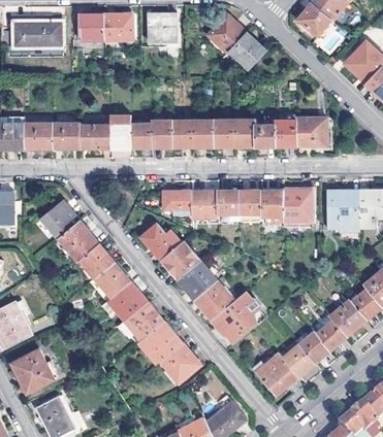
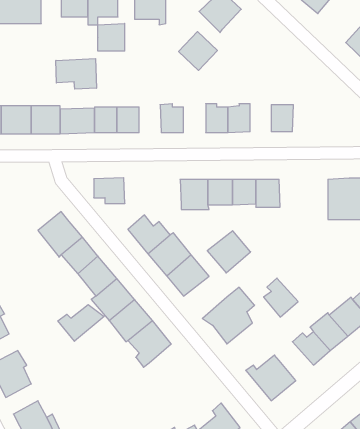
building: [229,33,265,69] -> [179,32,217,70]
building: none -> [98,23,125,51]
building: none -> [56,59,96,89]
building: [294,117,326,146] -> none
building: [193,121,214,147] -> none
building: [151,122,172,147] -> none
building: [255,126,275,146] -> none
building: [282,190,311,221] -> none
building: [162,191,191,214] -> [94,178,125,203]
building: [41,201,79,239] -> none
building: [193,280,233,320] -> [207,231,251,273]
building: none -> [58,305,104,341]
building: [282,341,314,377] -> [264,278,298,317]
building: [161,343,199,382] -> none

